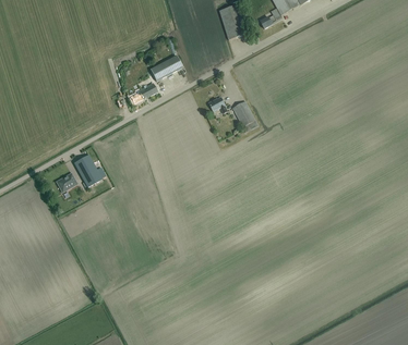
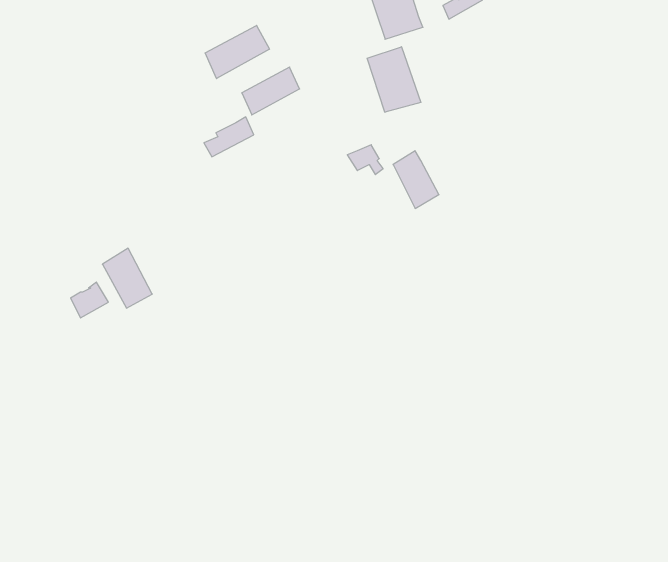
building: none -> [205,25,269,79]
building: none -> [367,47,421,112]

